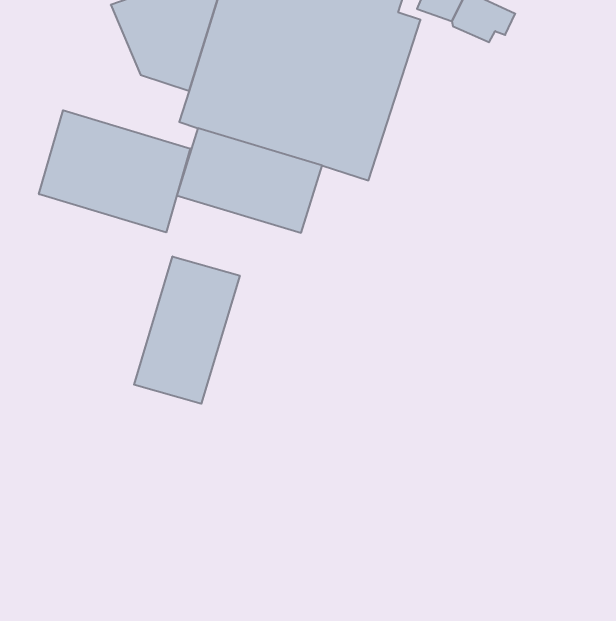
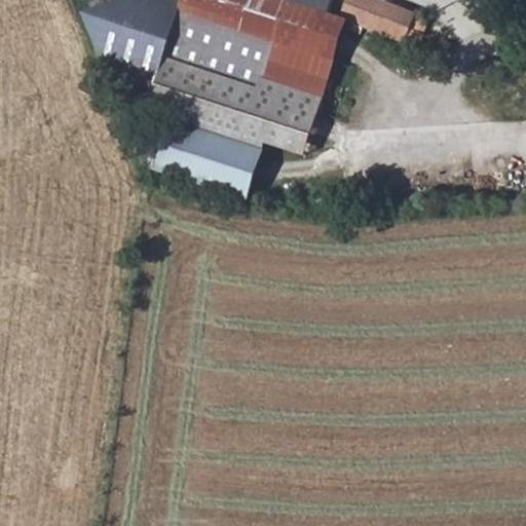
building: [39,110,190,232] -> none
building: [134,256,240,404] -> none

